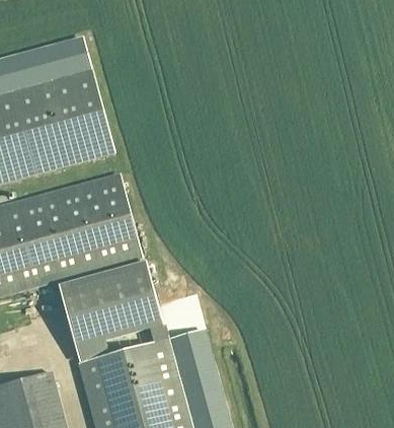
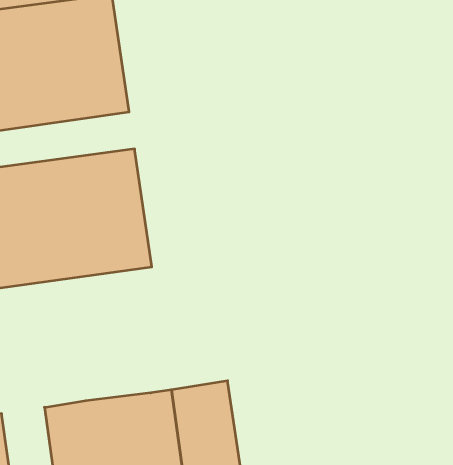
building: [58,262,166,364] -> none

